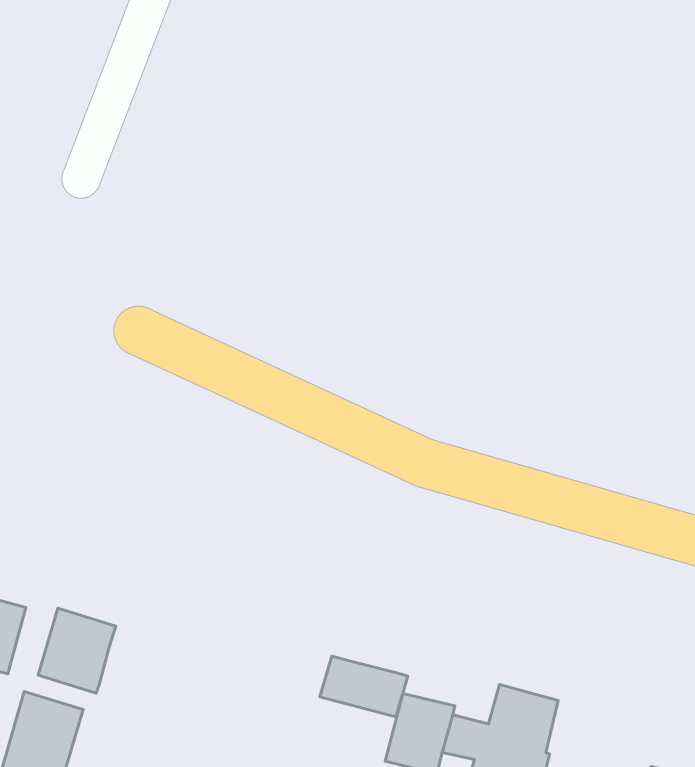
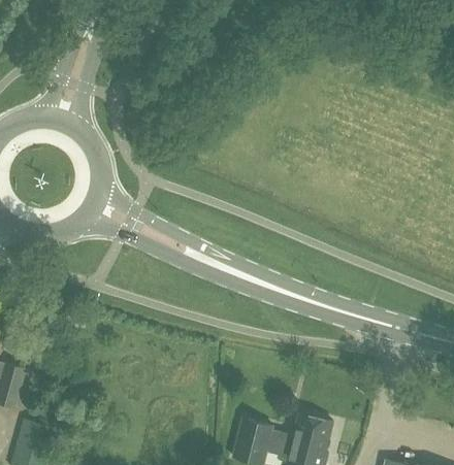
building: [38,608,116,693] -> none
building: [320,656,408,717] -> none

